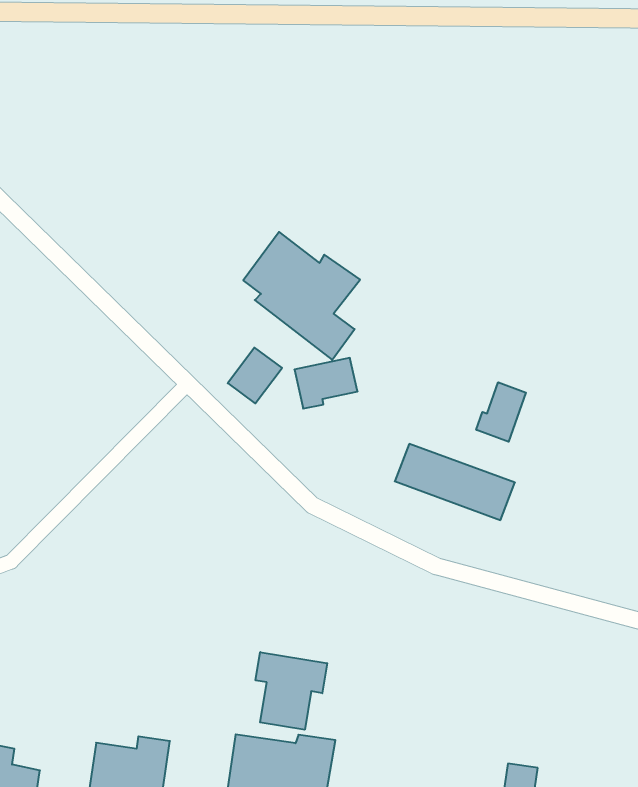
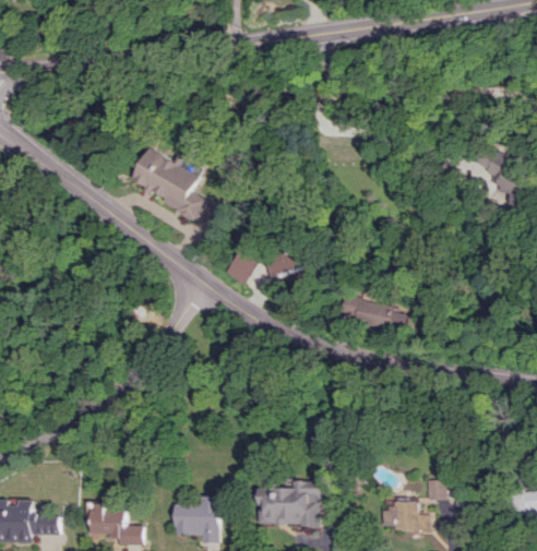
building: [243,232,360,360] -> [132,147,204,220]
building: [476,382,526,442] -> none
building: [256,652,327,730] -> none

